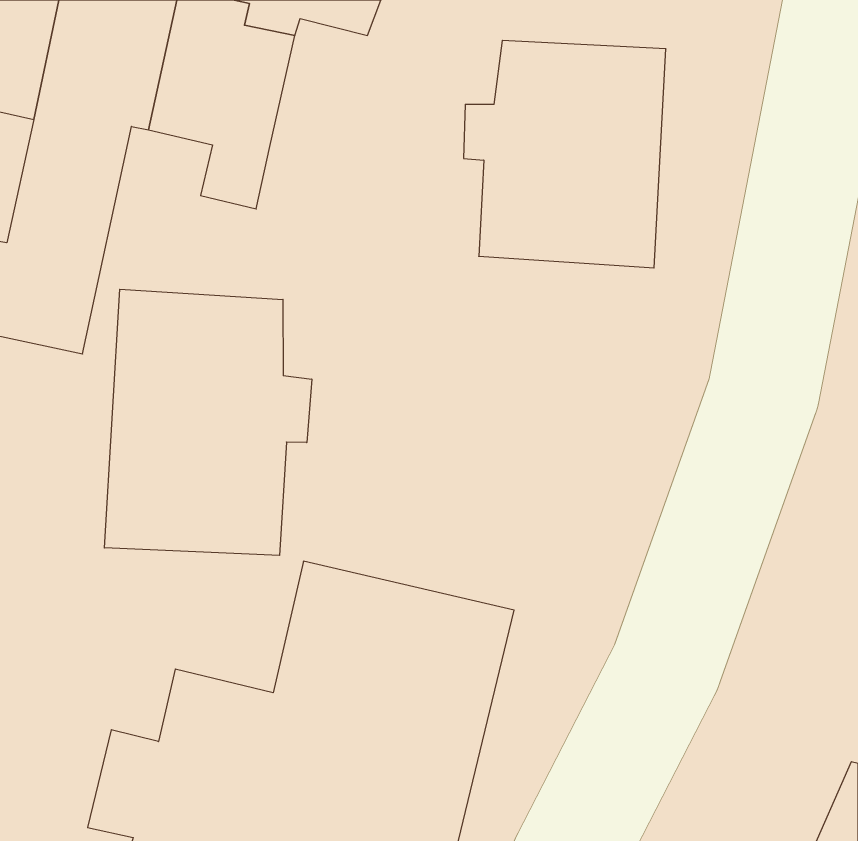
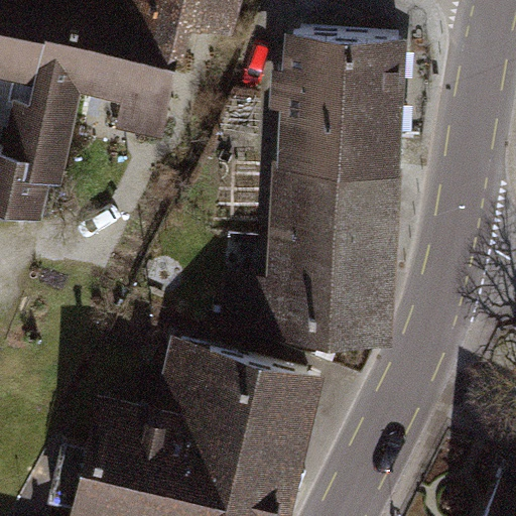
building: none -> [229,165,391,341]
building: [104,289,312,555] -> none

